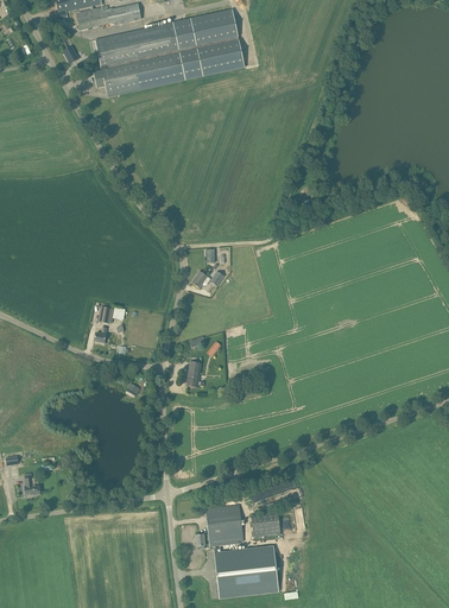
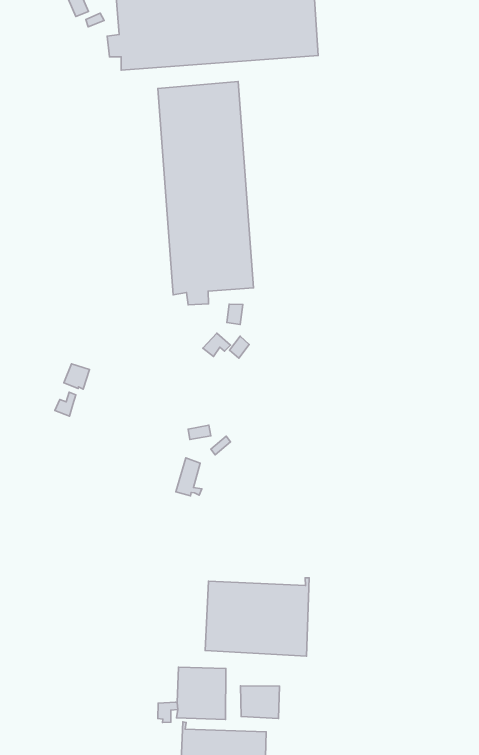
building: none -> [158,82,254,305]
building: none -> [205,578,309,656]

